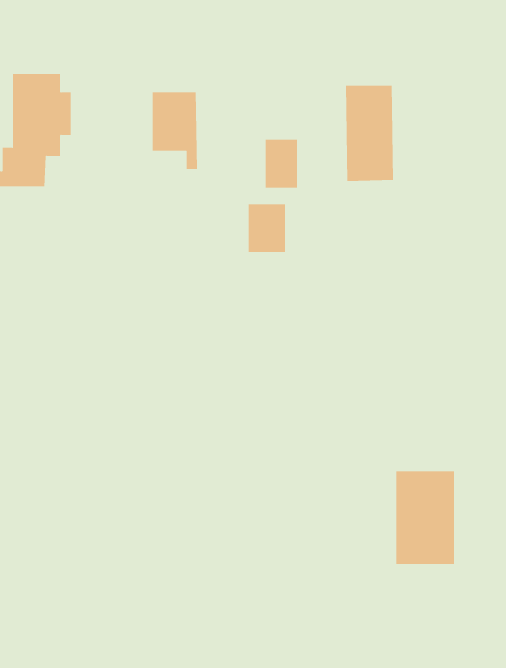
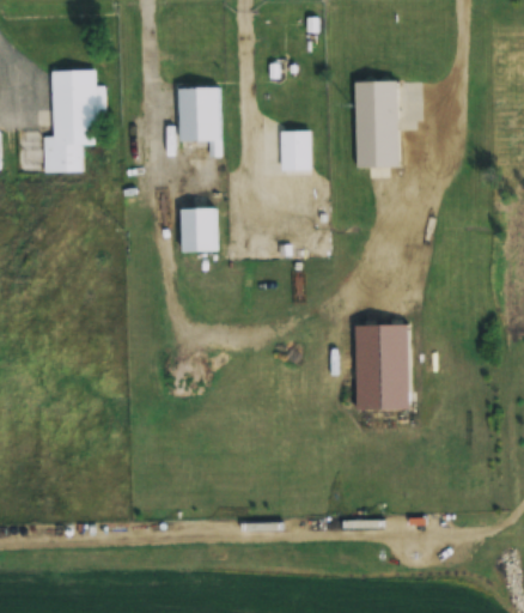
building: [248,204,286,253] -> [181,207,215,251]
building: [396,471,455,564] -> [355,323,409,408]

